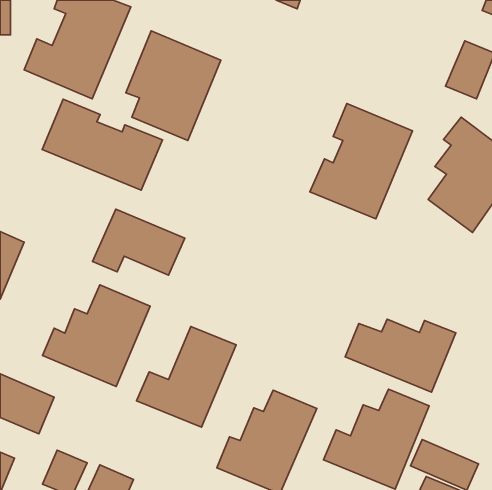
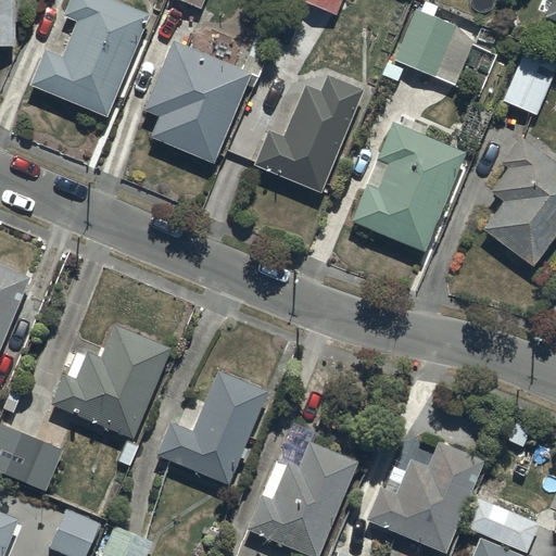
building: none -> [394,10,473,86]
building: none -> [254,75,364,192]
building: [42,99,162,190] -> none
building: [93,209,185,275] -> none
building: [345,319,456,392] -> none

